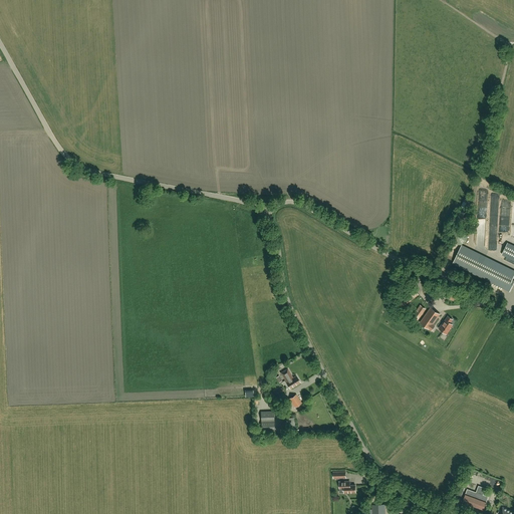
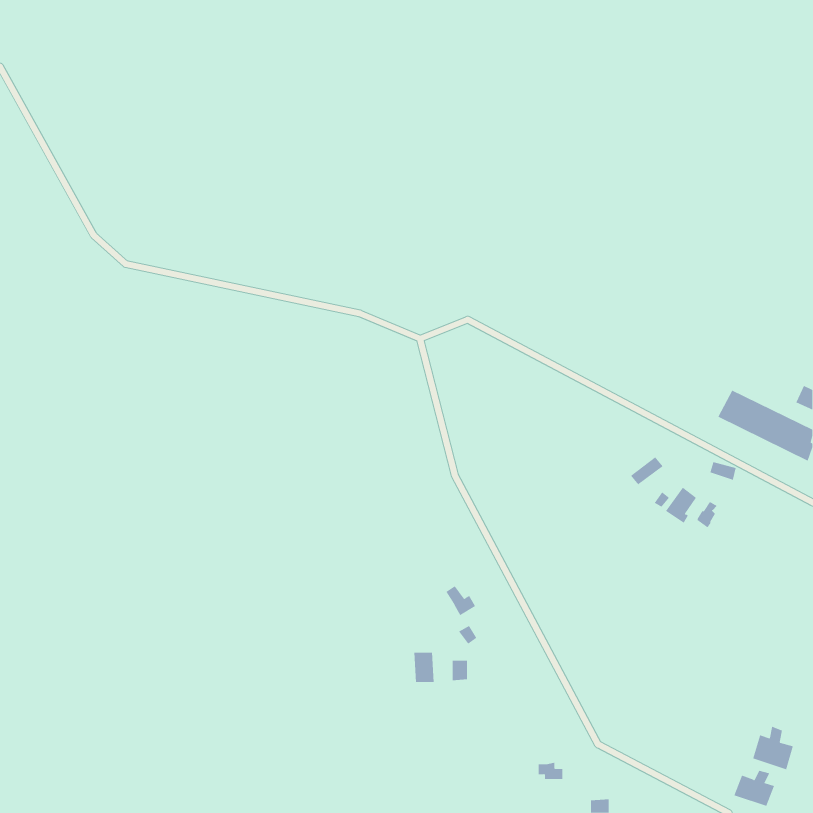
building: none -> [753,726,793,770]

